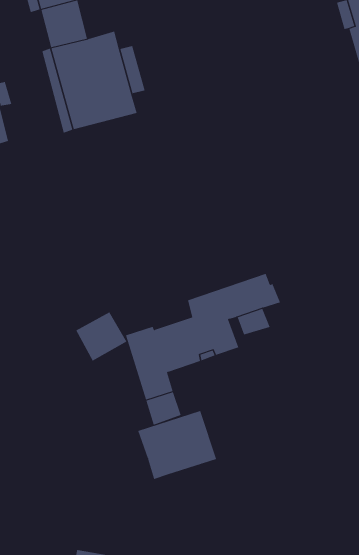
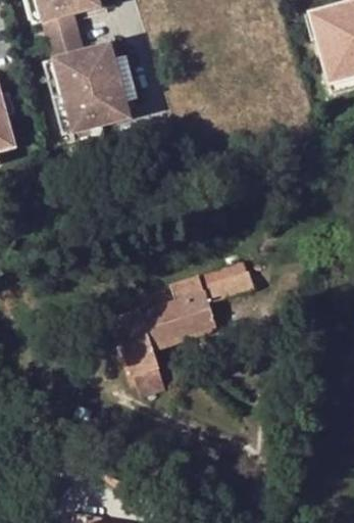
building: [76,312,127,361] -> none
building: [138,410,217,480] -> none

